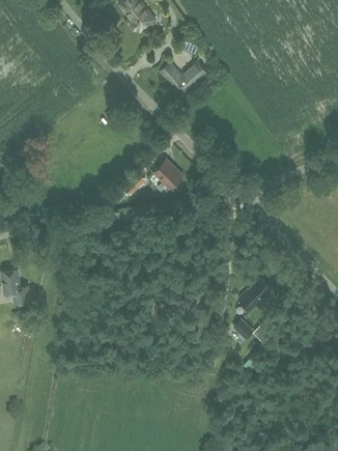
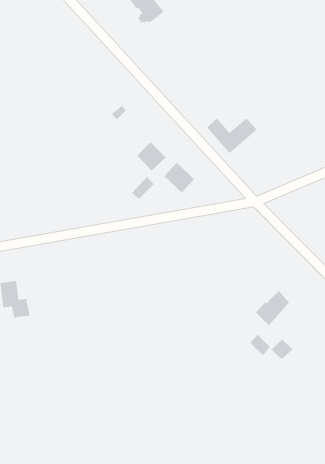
building: [160,61,207,95] -> [206,117,258,154]
building: none -> [136,141,167,172]

